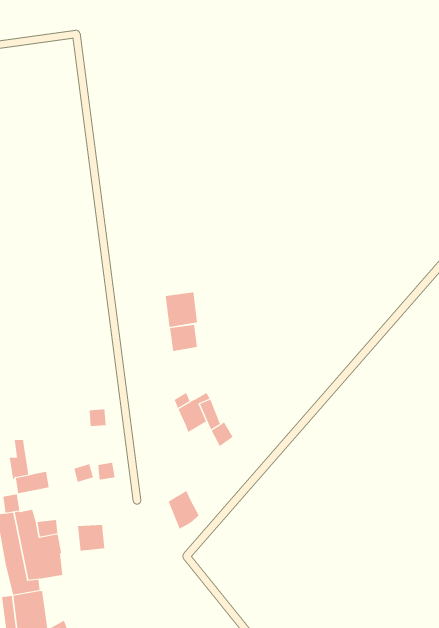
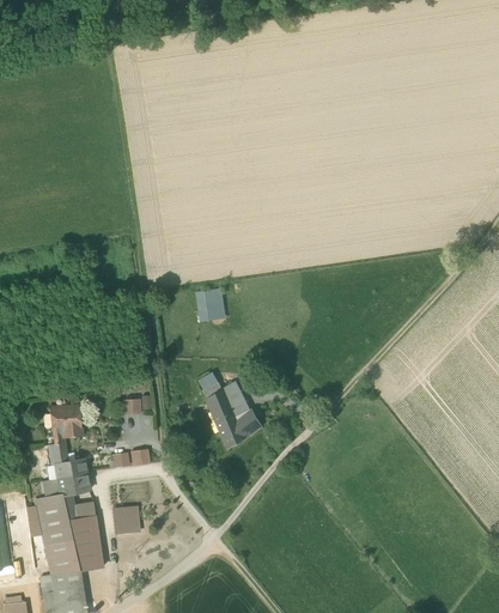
building: [170,324,197,352] -> none
building: none -> [49,406,81,437]
building: none -> [56,473,89,496]
building: [168,490,200,530] -> [217,411,247,448]

